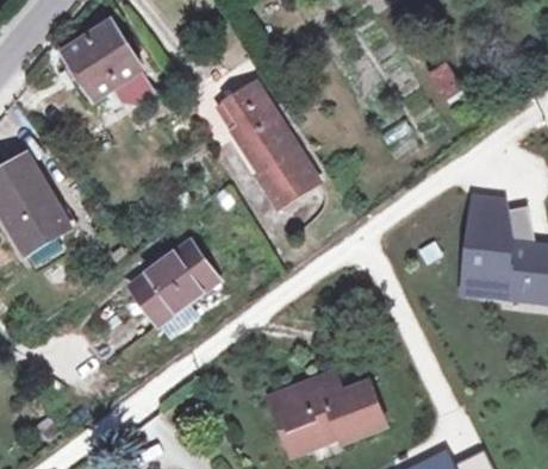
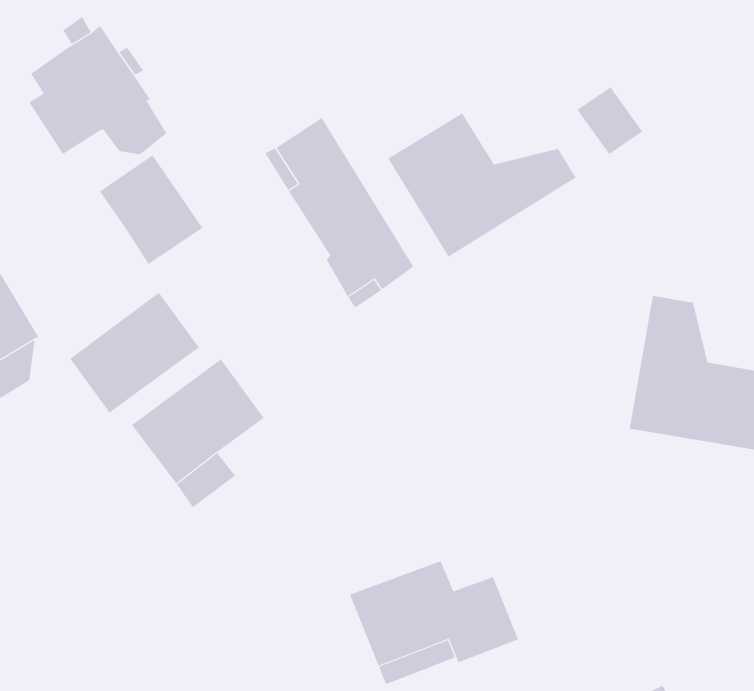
building: none -> [387,113,577,257]
building: none -> [99,154,203,265]
building: none -> [70,292,200,414]

